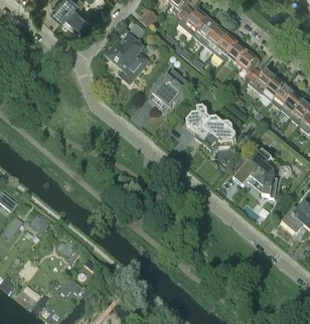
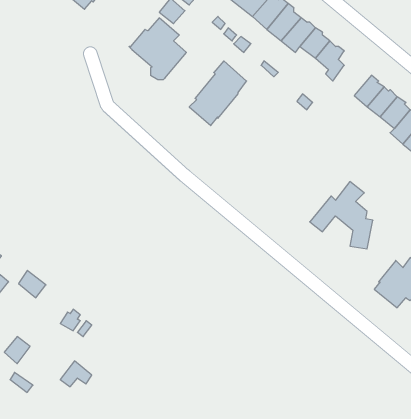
building: [250,67,277,93] -> none
building: [186,106,236,156] -> none

